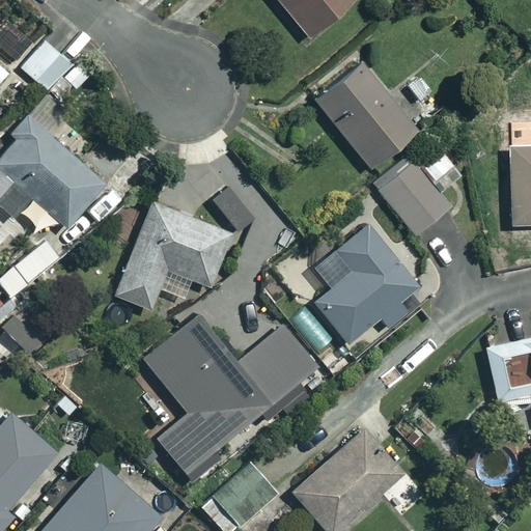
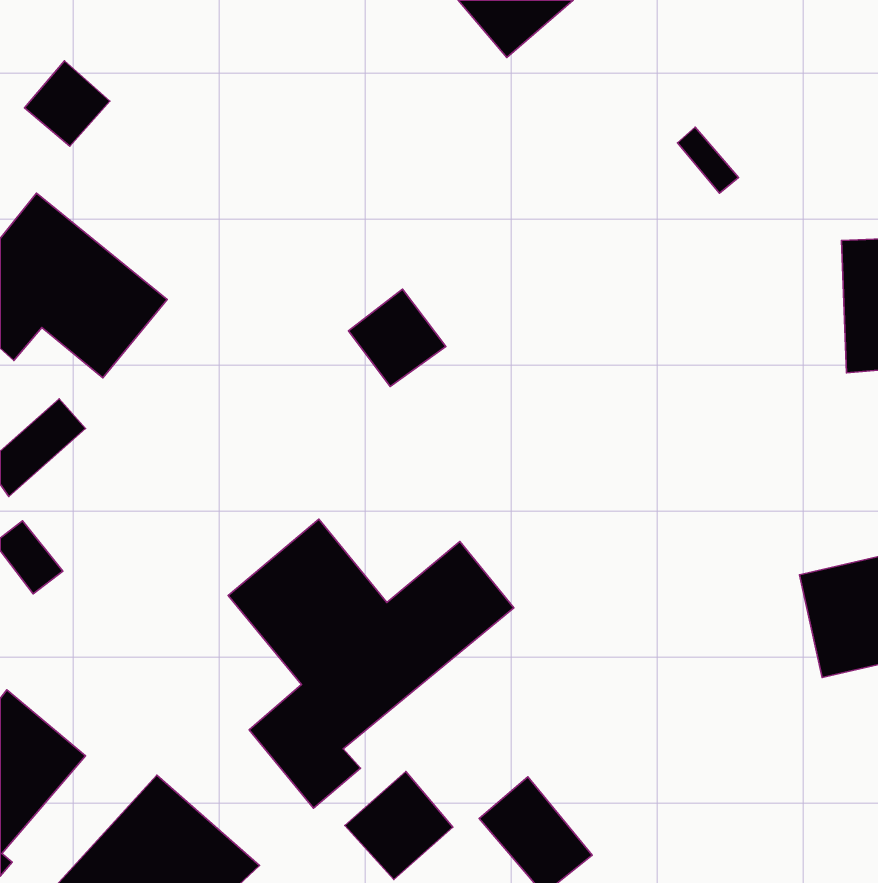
building: [312,58,418,168] -> none
building: [378,147,465,236] -> none
building: [114,202,231,310] -> none
building: [312,223,418,344] -> none
building: [322,428,404,512] -> none

